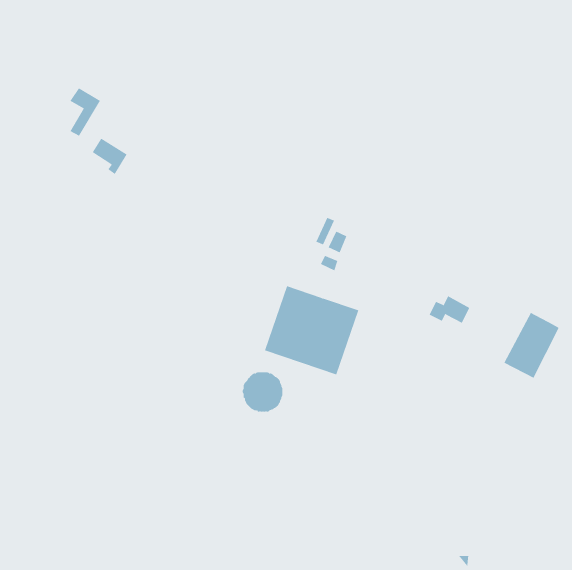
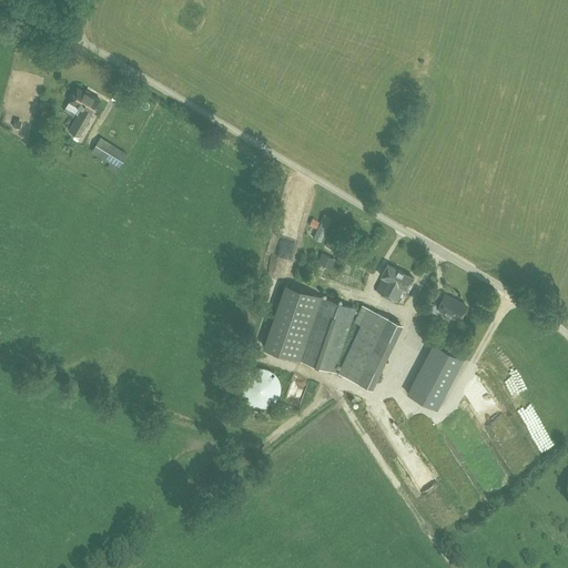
building: none -> [376,265,414,303]
building: none -> [337,306,403,390]
building: [504,312,560,378] -> [407,346,463,412]

